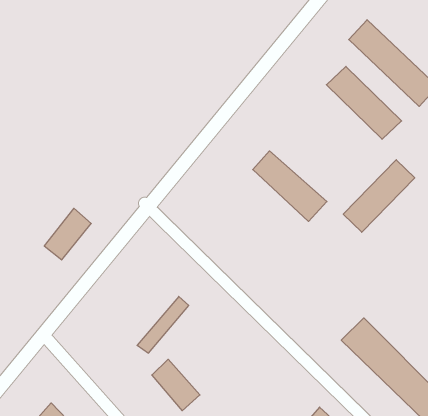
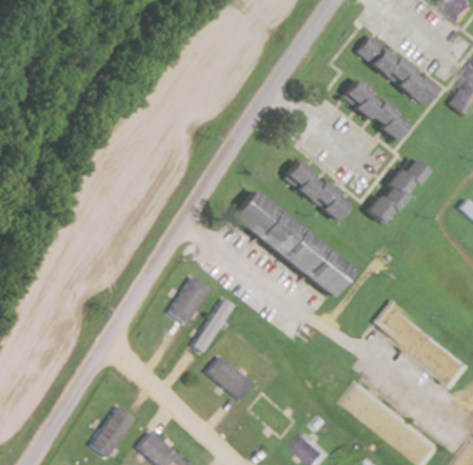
building: none -> [223,188,347,294]
building: [44,208,91,260] -> [165,273,205,321]

